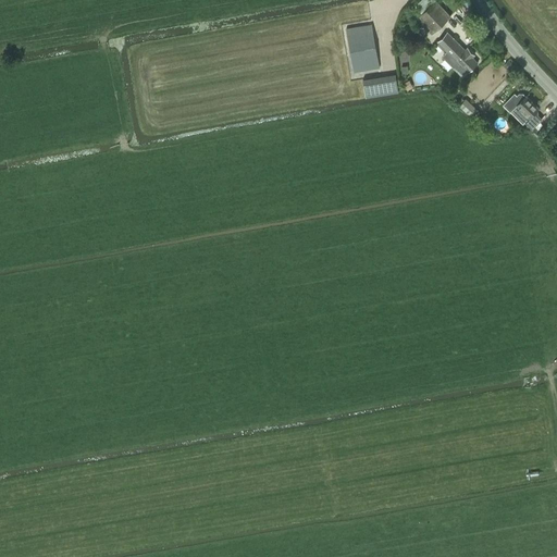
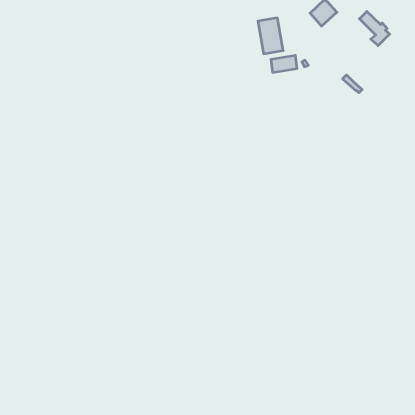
building: [436,33,476,78] -> [359,11,390,46]
building: [509,95,542,129] -> none

